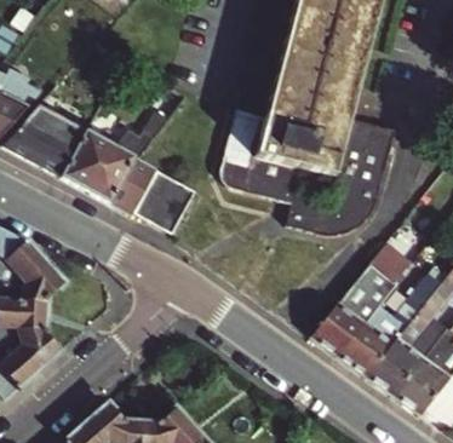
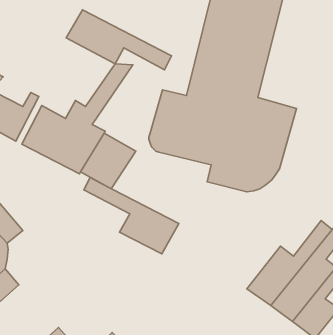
building: none -> [66,10,172,70]
building: none -> [84,178,179,254]
building: [320,235,413,355] -> none

